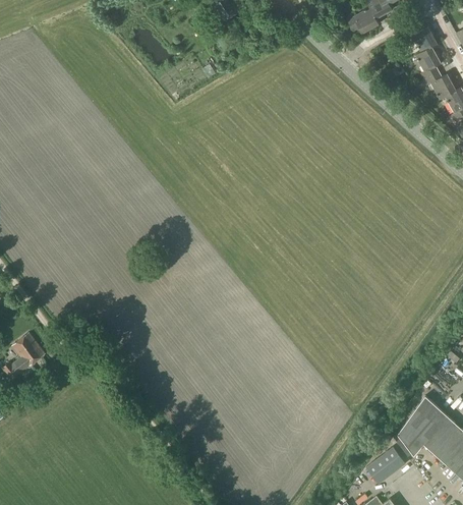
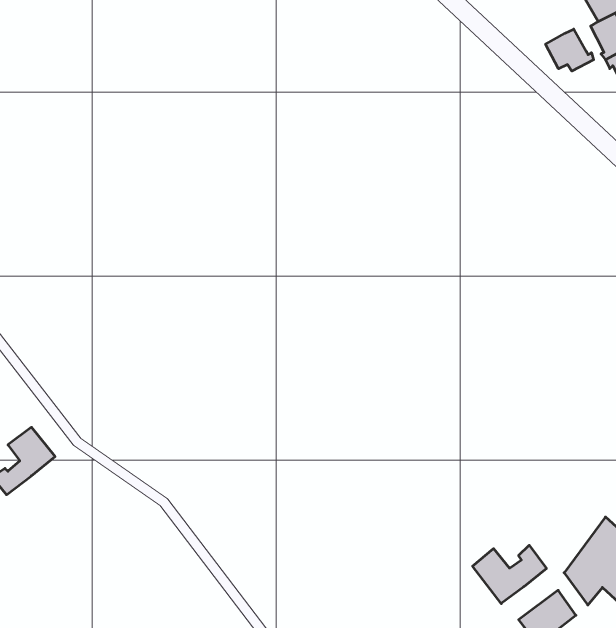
building: none -> [546,29,594,71]
building: none -> [473,545,546,604]

